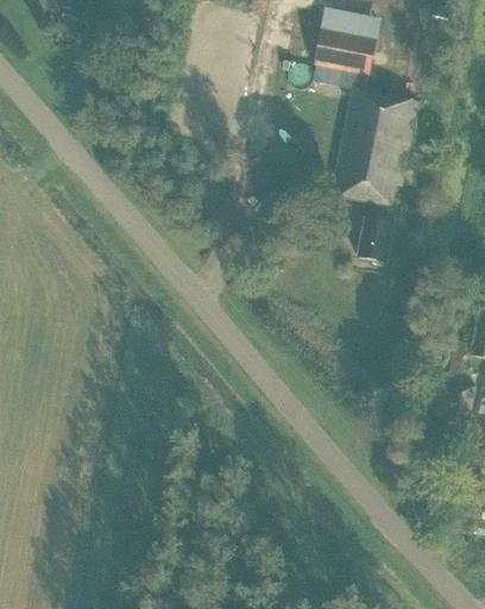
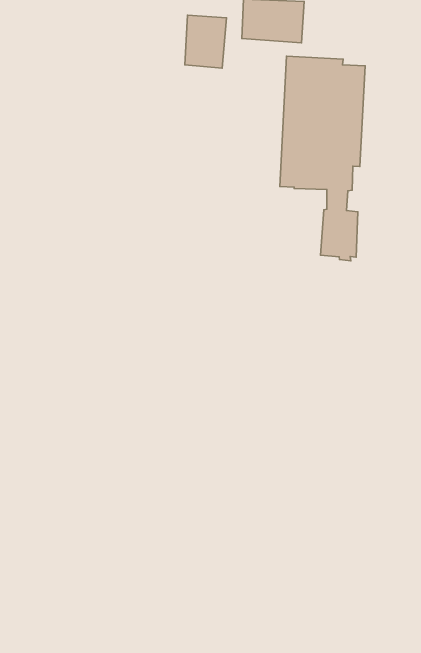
building: none -> [185,15,226,68]

